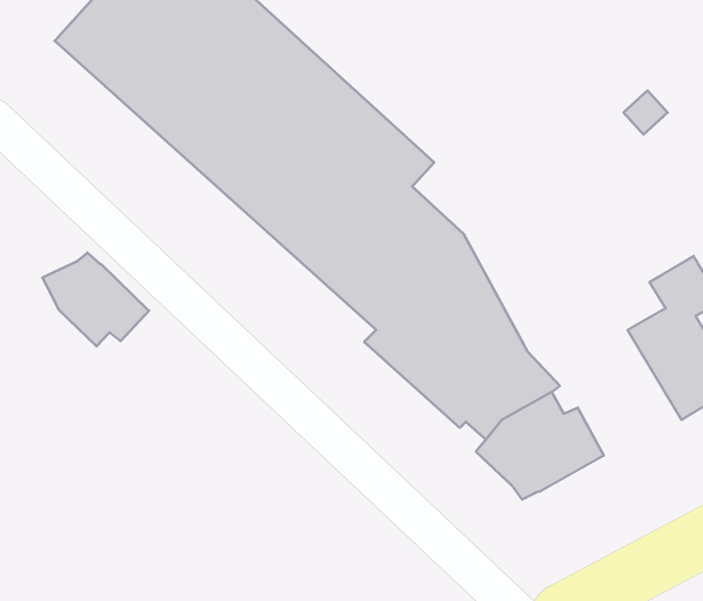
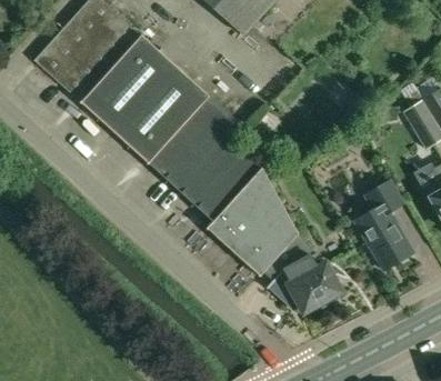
building: [42,253,149,346] -> none

